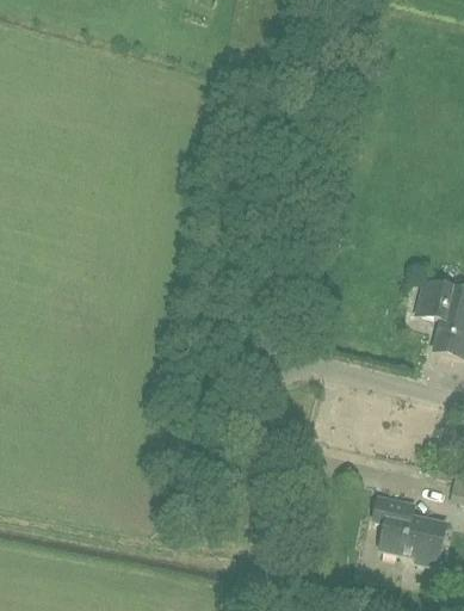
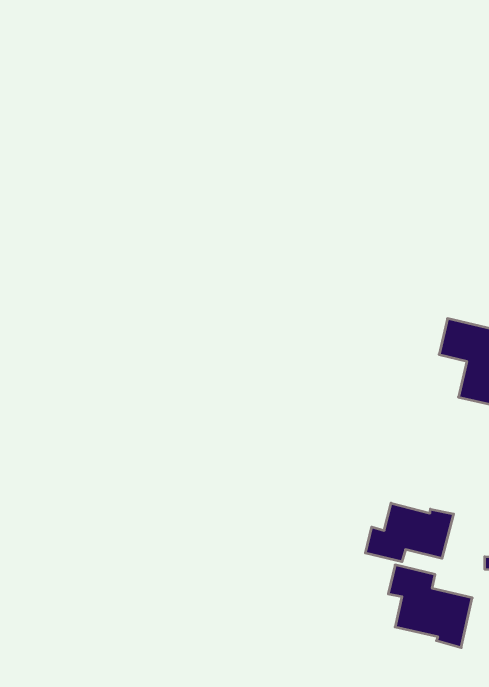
building: none -> [365,503,454,562]

